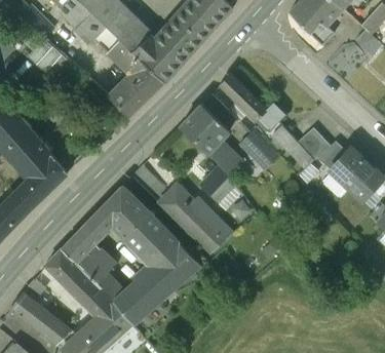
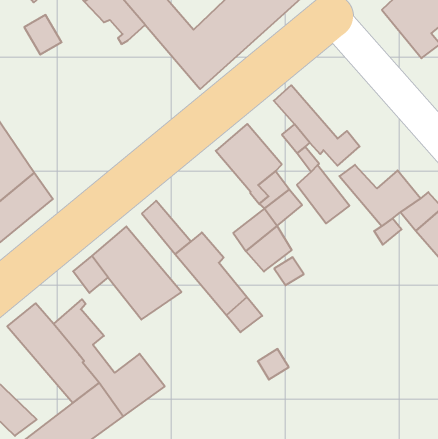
building: [108,40,164,117] -> none
building: [62,222,100,261] -> none
building: [139,229,199,298] -> none

